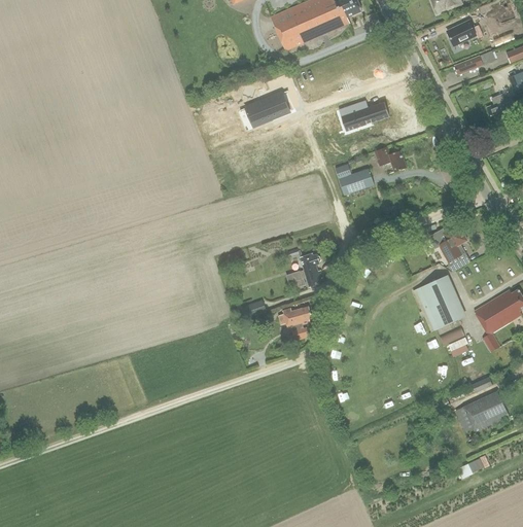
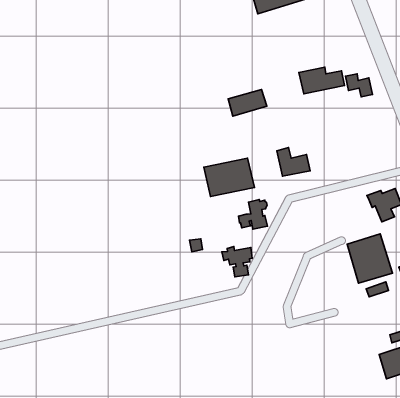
building: [245,93,288,126] -> [228,90,267,116]
building: [375,147,407,172] -> [346,74,373,97]
building: [335,163,374,195] -> [277,148,310,176]
building: none -> [204,158,254,196]

